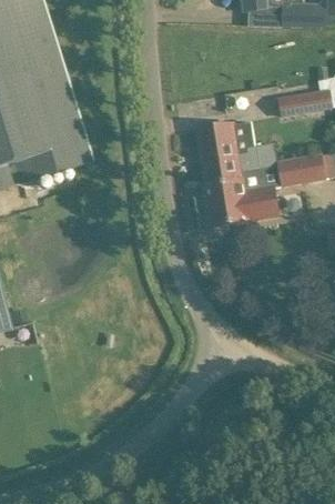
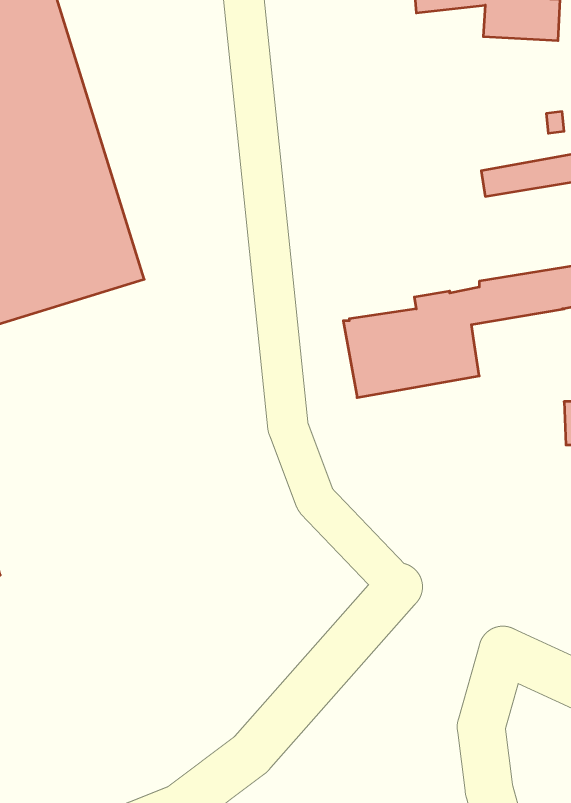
building: [199,121,305,181] -> none

